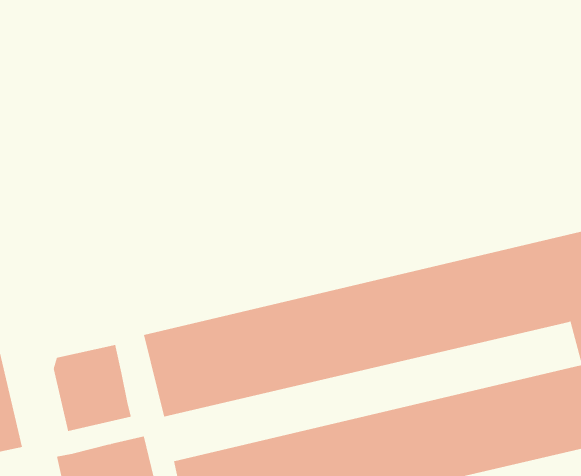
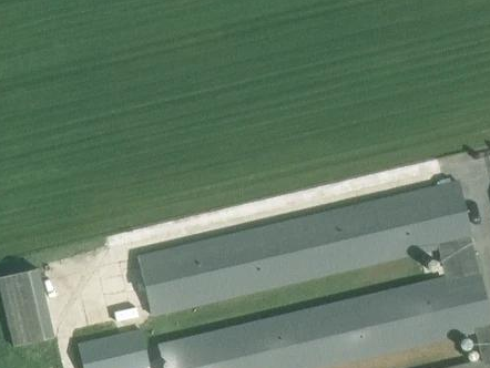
building: [53,344,132,432] -> none

